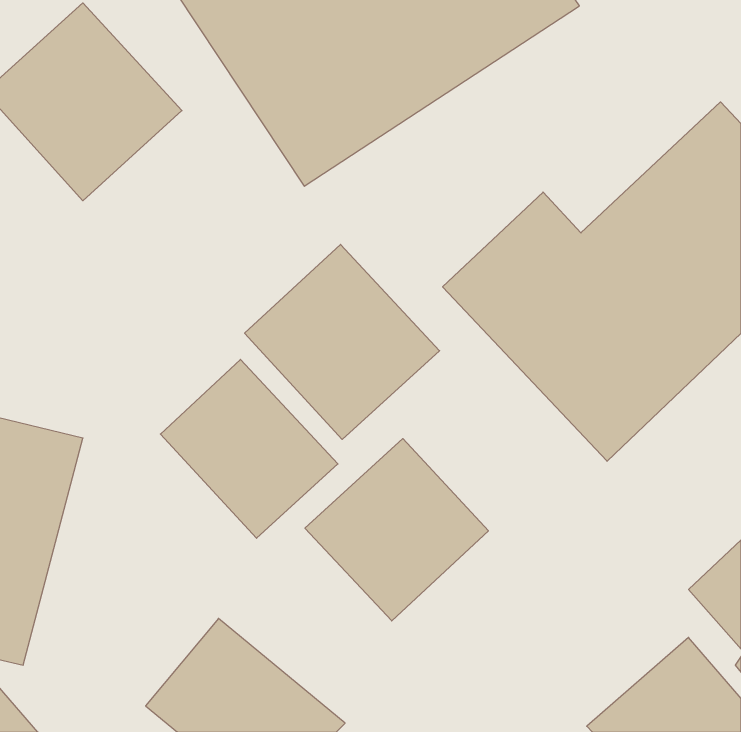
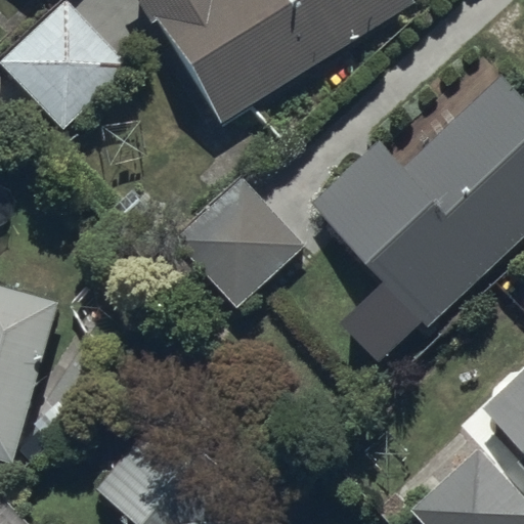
building: [160,359,338,538] -> none
building: [305,439,488,621] -> none

